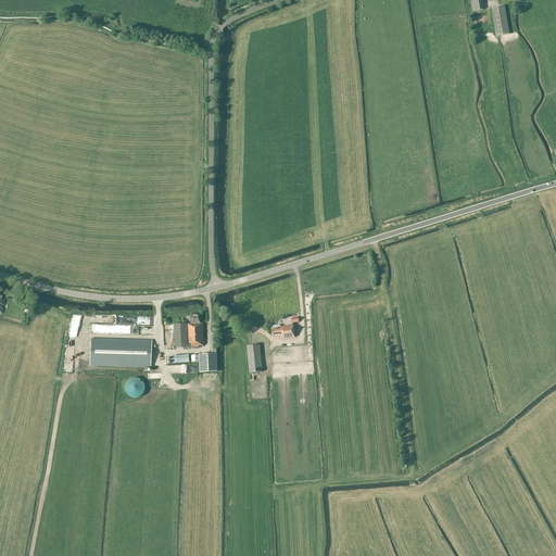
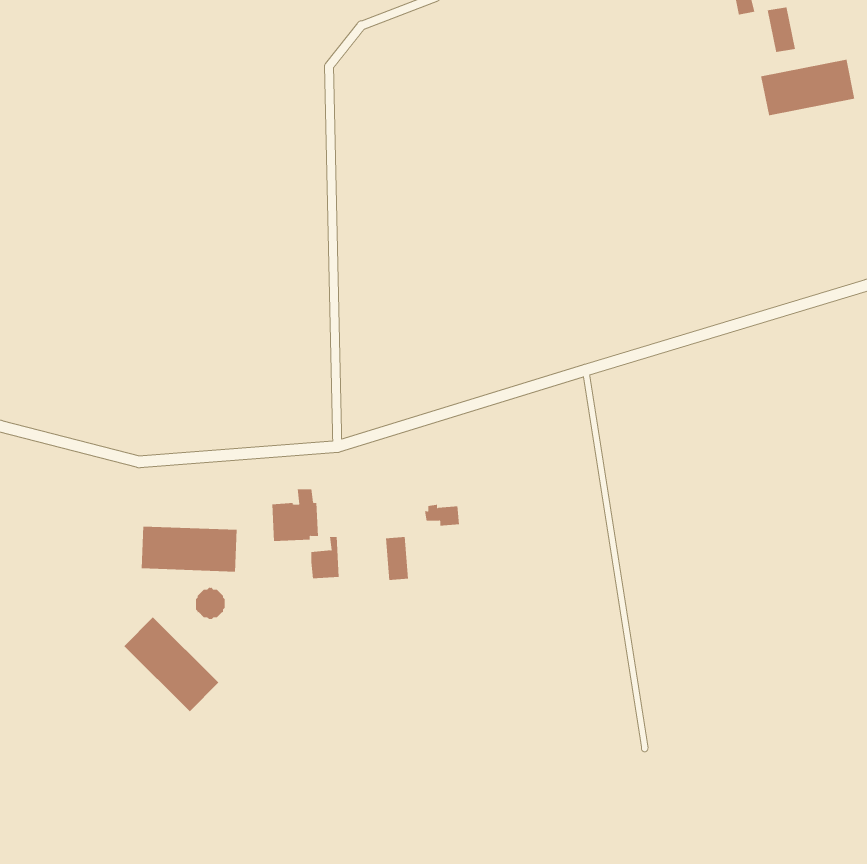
building: none -> [761,59,855,116]
building: none -> [124,616,219,712]

